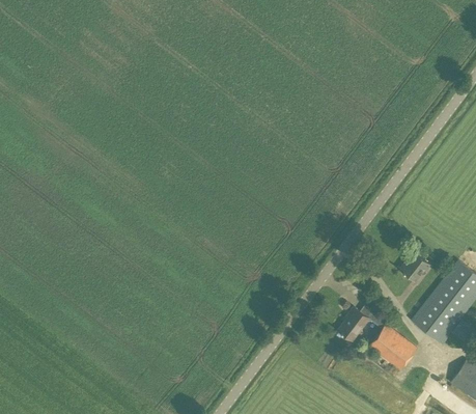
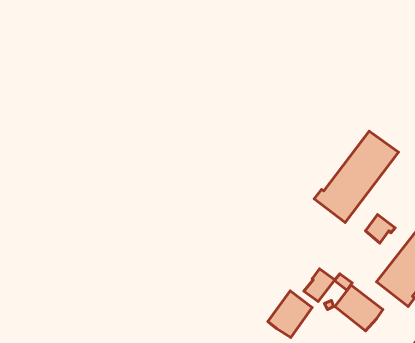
building: none -> [314,131,399,222]
building: none -> [268,291,312,338]

